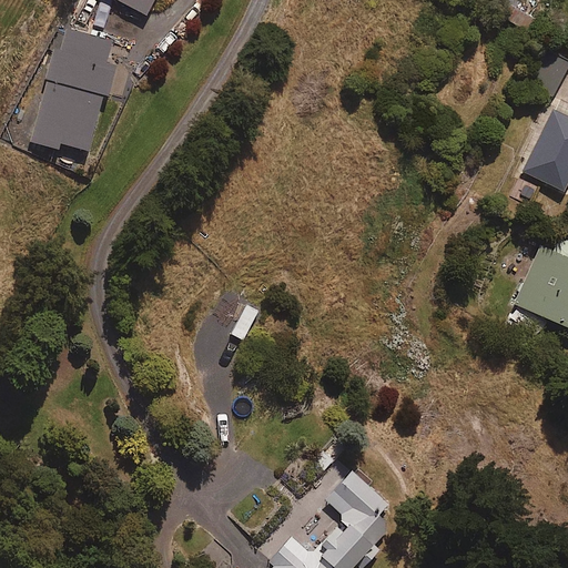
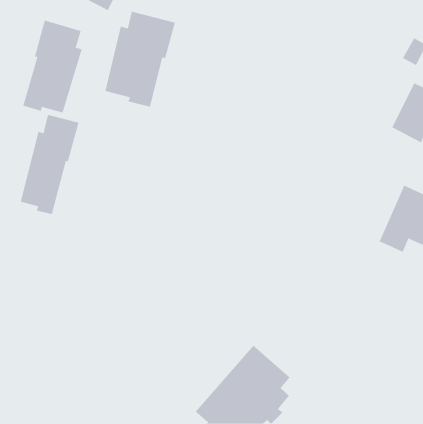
building: none -> [105,11,176,107]
building: none -> [20,114,79,215]

